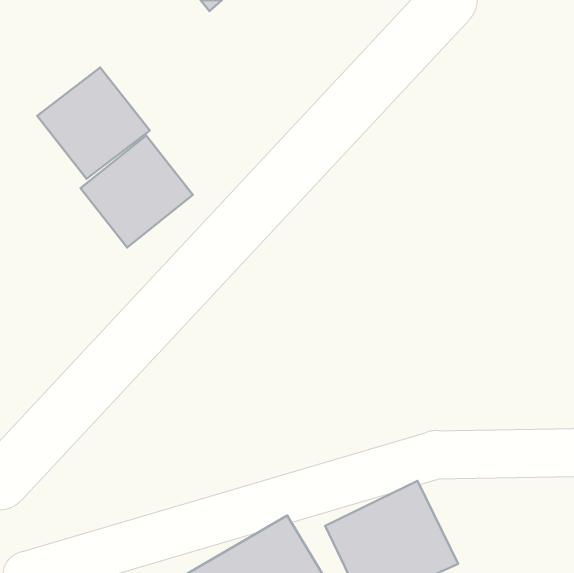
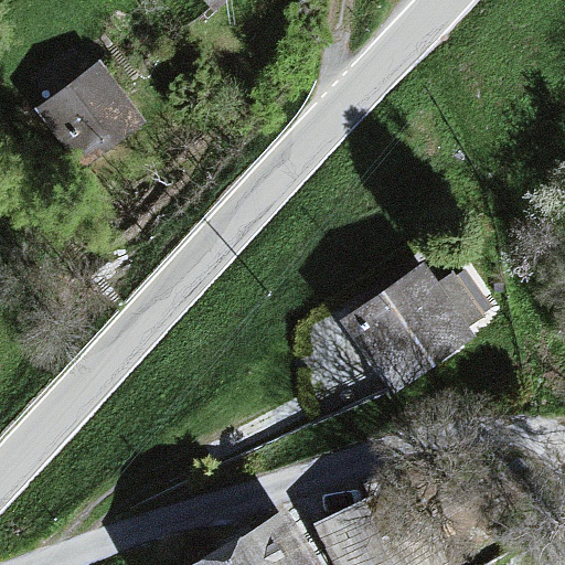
building: [80,135,193,248] -> none
building: none -> [338,263,477,396]

